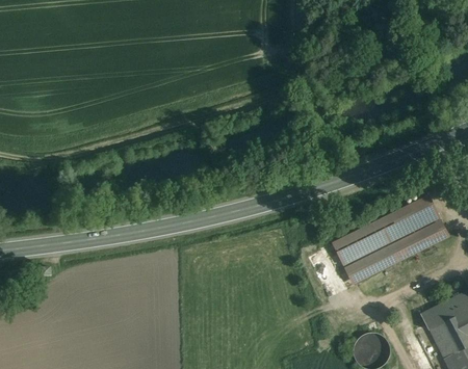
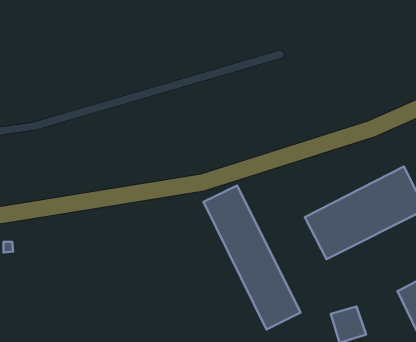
building: none -> [203,186,301,330]

